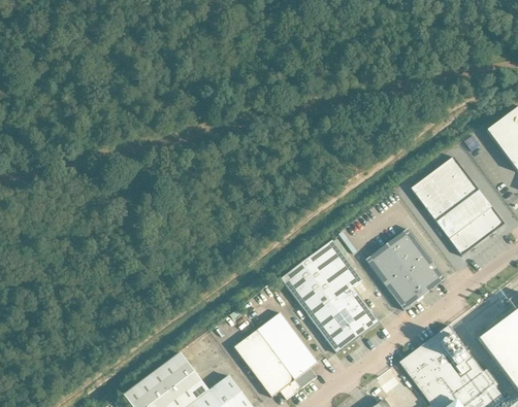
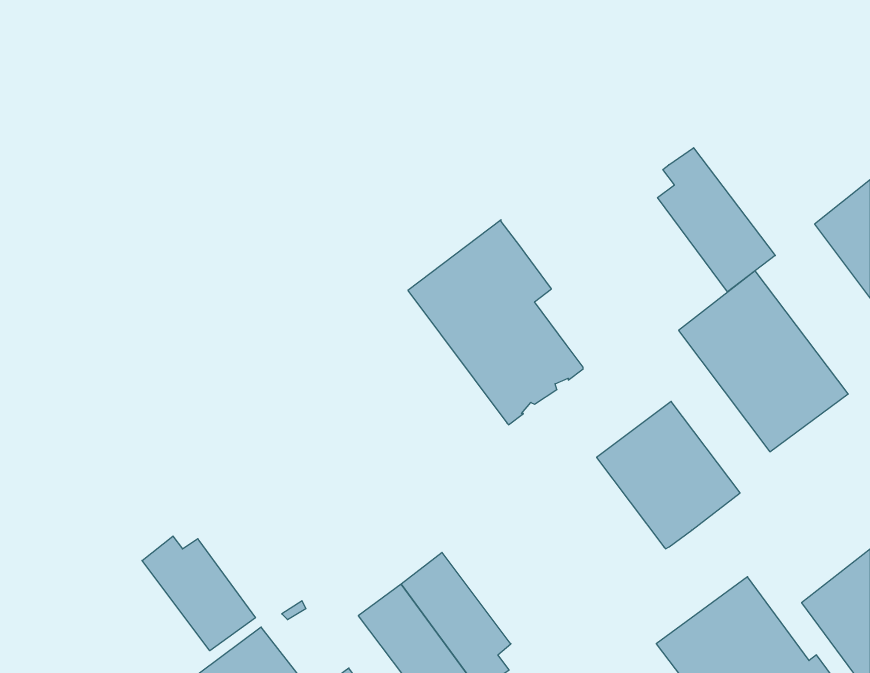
building: none -> [658,148,775,292]
building: [281,239,378,352] -> [408,220,583,425]
building: none -> [142,536,255,651]

